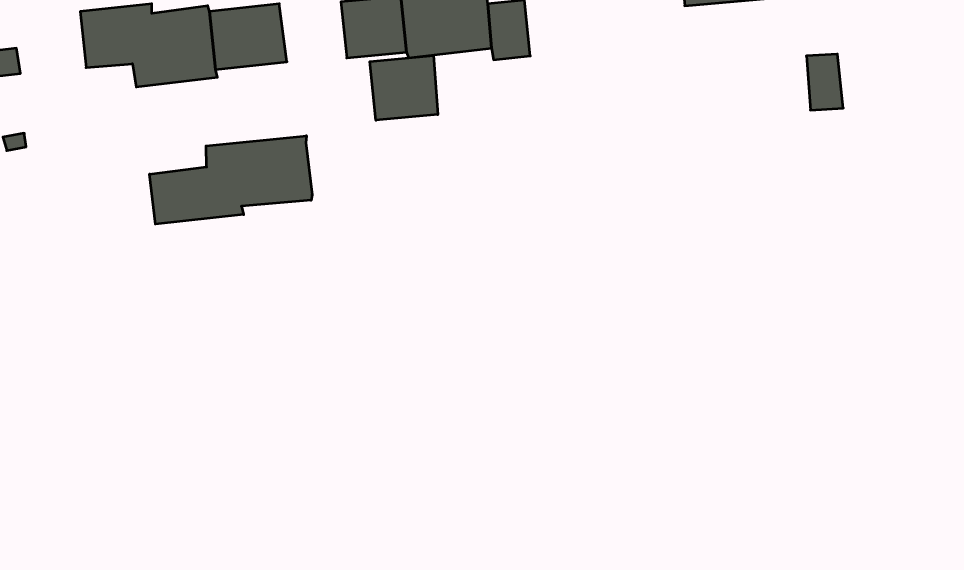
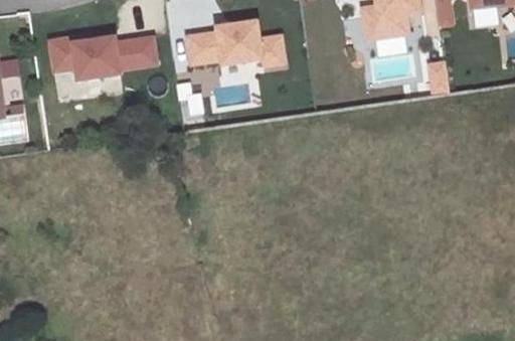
building: [370,55,438,120] -> none
building: [150,136,312,224] -> none

